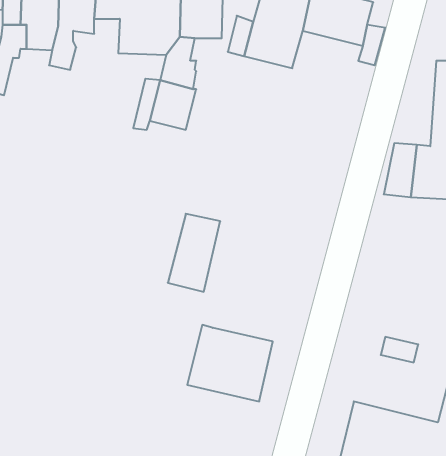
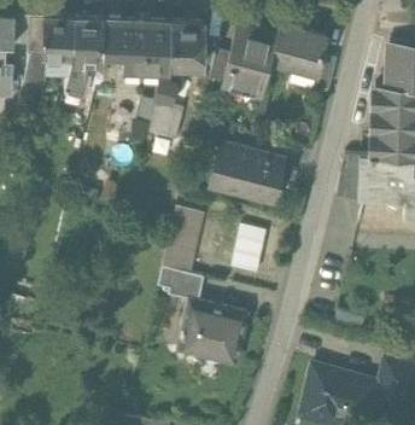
building: none -> [209,146,285,203]
building: none -> [230,226,263,273]
building: none -> [156,266,204,302]

